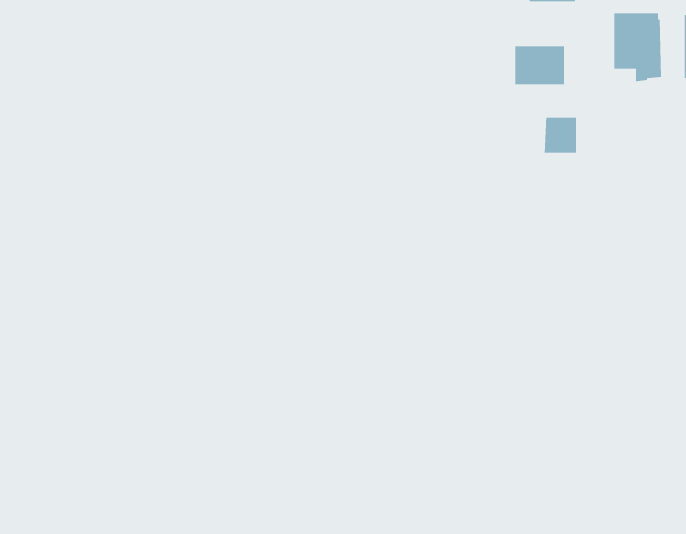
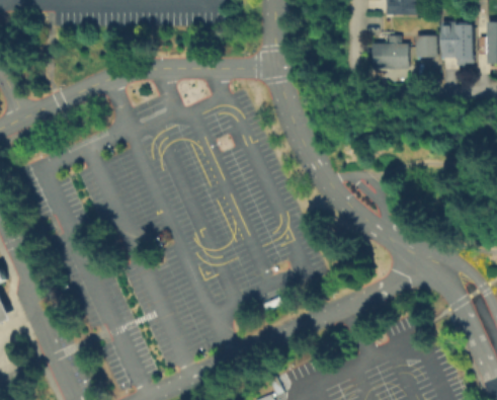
building: [544,117,577,153] -> [413,36,434,60]

